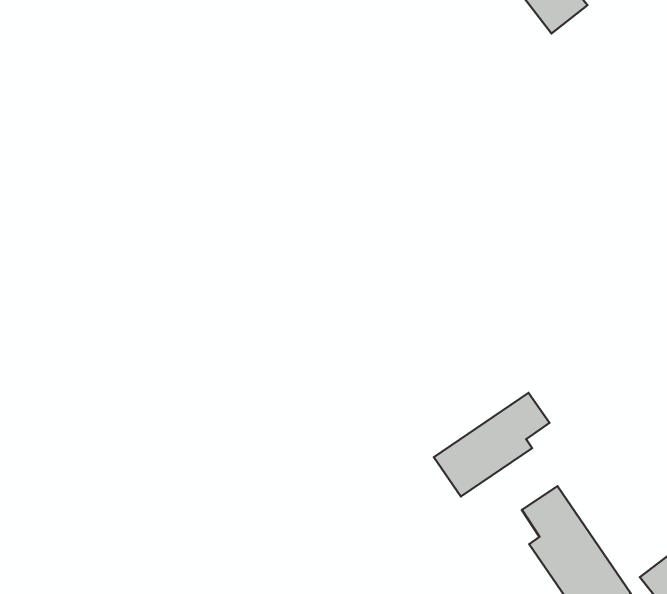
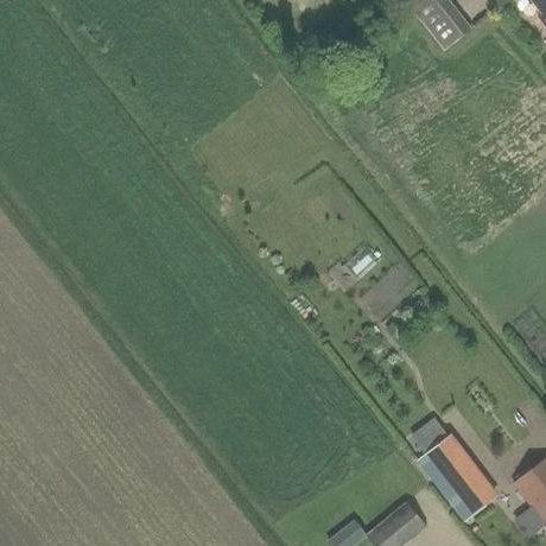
building: [434,393,549,496] -> none

